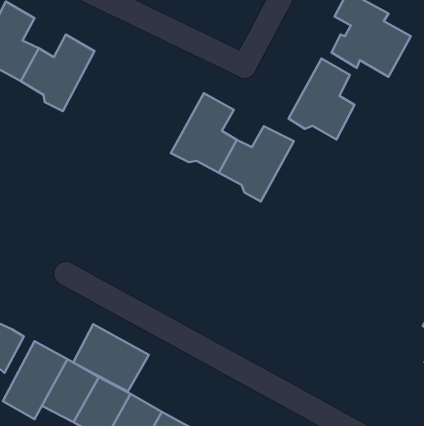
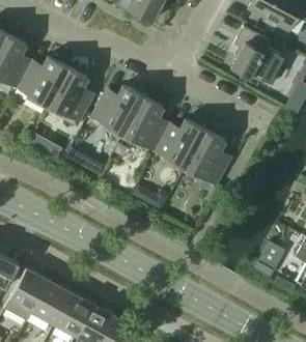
building: none -> [47,67,92,122]
building: [288,58,354,139] -> [184,130,229,186]
building: none -> [92,85,144,138]
building: [73,324,149,391] -> none

